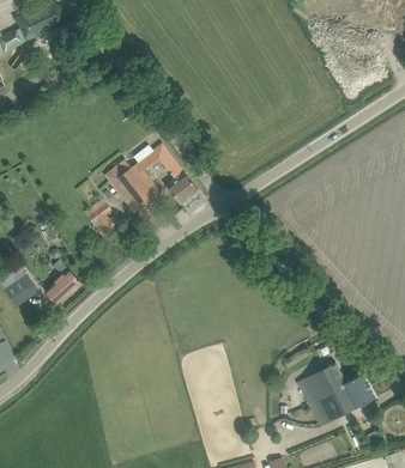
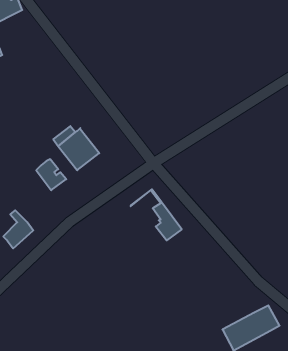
building: [137,142,198,203] -> [131,189,182,240]
building: [296,361,345,402] -> none

